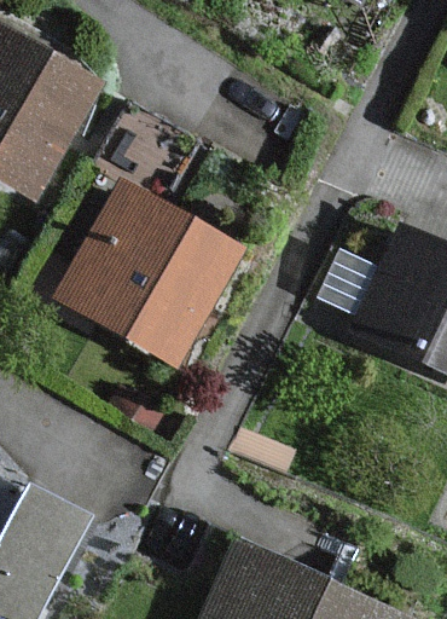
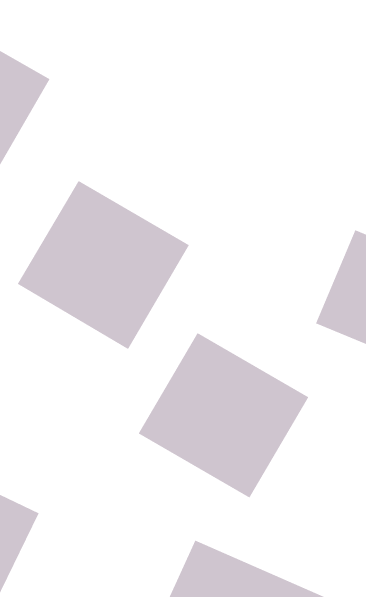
building: none -> [138,332,309,498]

